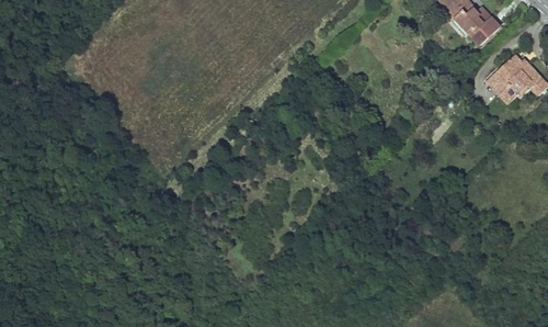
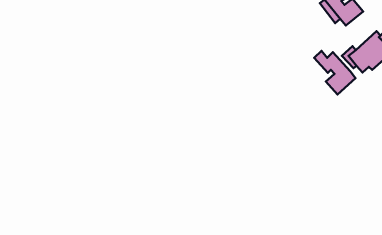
building: none -> [314,51,356,94]

